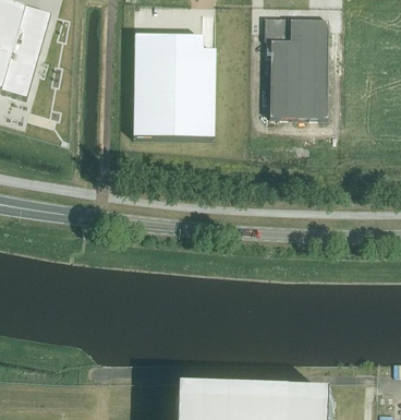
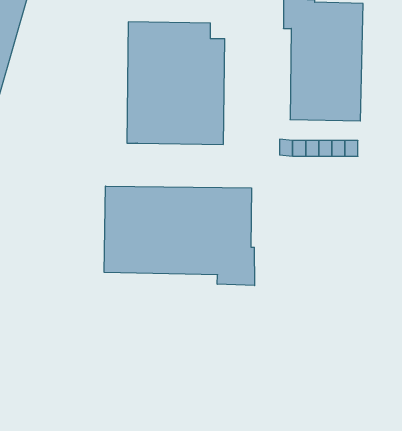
building: none -> [104,186,255,286]

